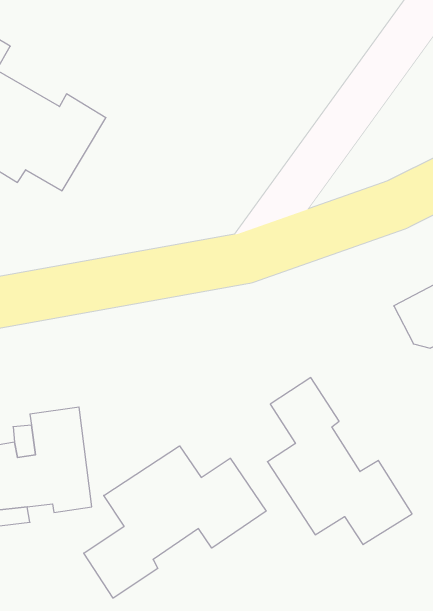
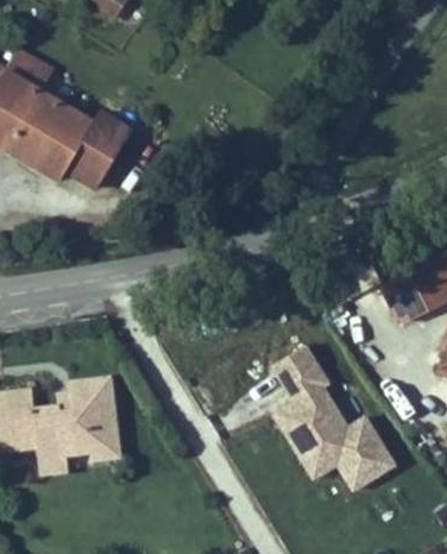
building: [84,446,266,598] -> none

